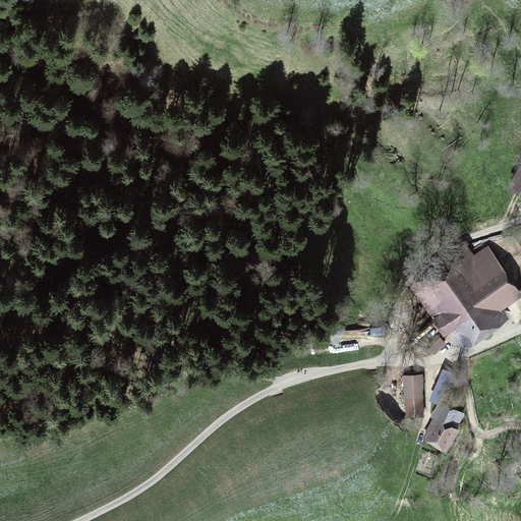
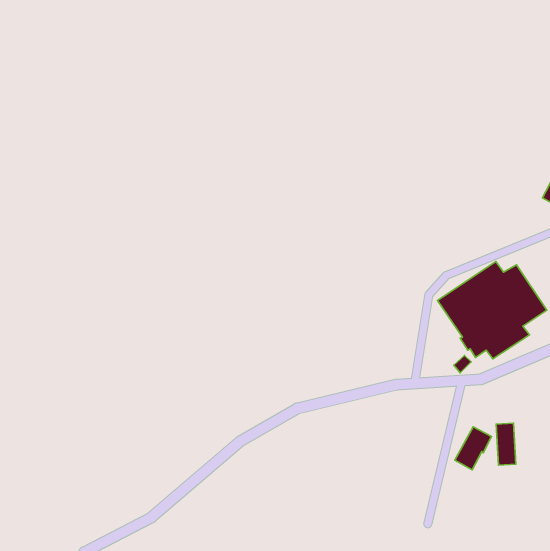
building: [406,375,424,415] -> [496,423,516,465]

